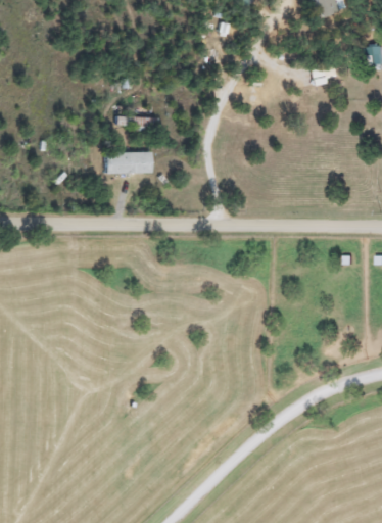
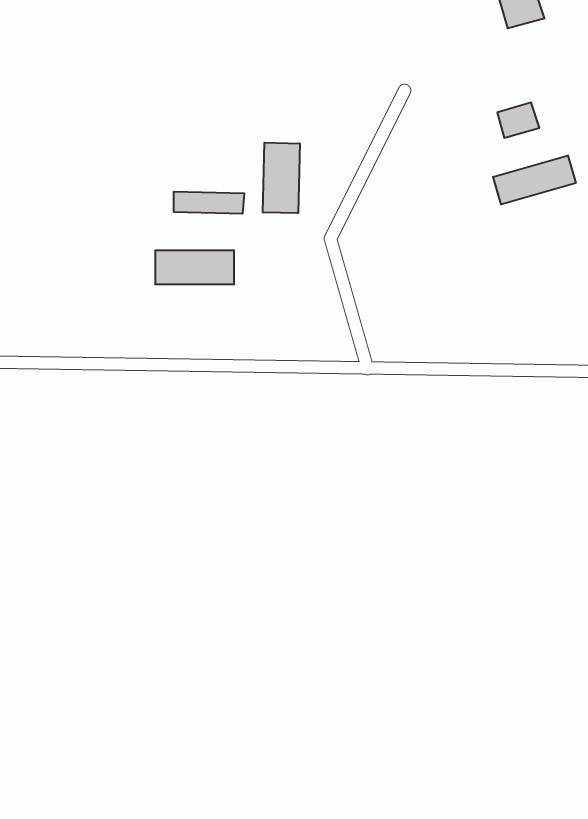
building: none -> [263,143,300,213]
building: none -> [493,155,576,204]

